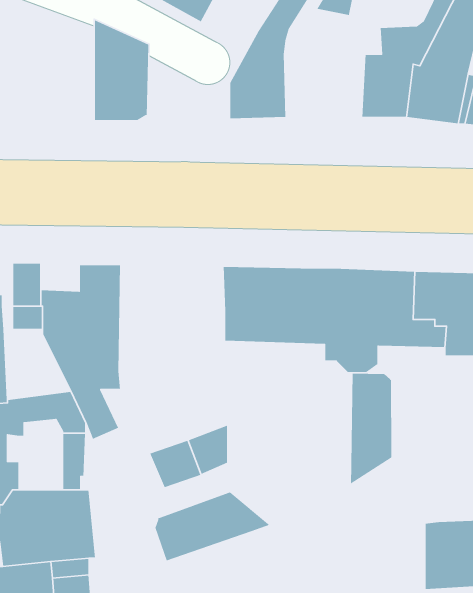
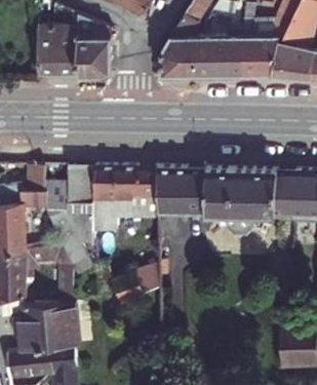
building: none -> [38,27,78,78]
building: none -> [195,37,244,76]
building: none -> [93,166,159,232]
building: [350,373,392,485] -> none
building: [155,491,271,561] -> none

